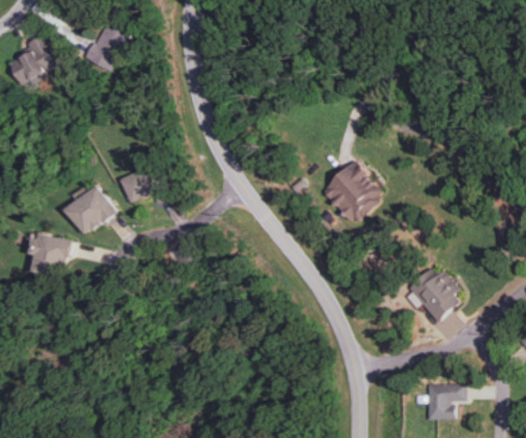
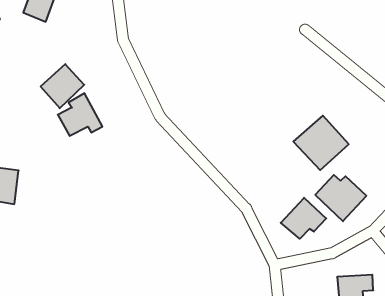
building: [322,161,385,223] -> [293,116,349,170]
building: [64,186,115,236] -> [41,64,84,108]
building: none -> [281,198,326,239]

